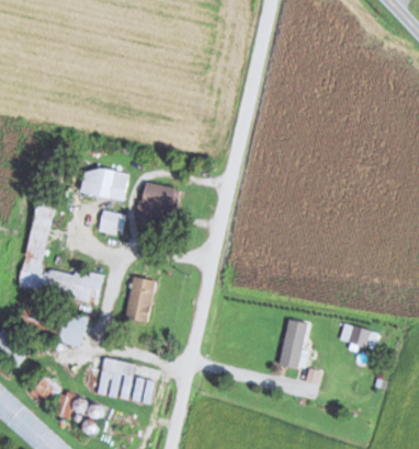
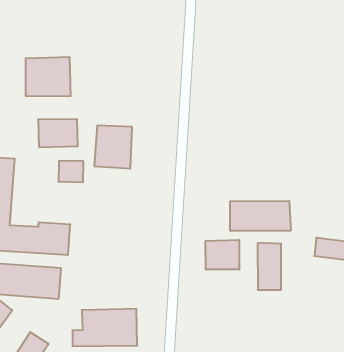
building: none -> [26,57,70,96]
building: none -> [230,201,291,231]
building: [125,276,157,322] -> none
building: none -> [206,240,239,270]

